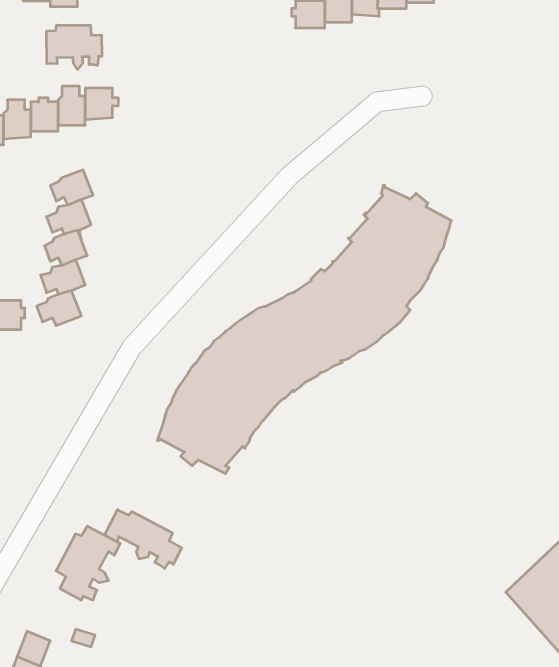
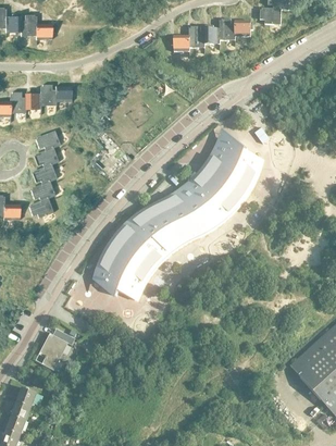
building: [47,25,102,70] -> none
building: [104,510,182,568] -> none

